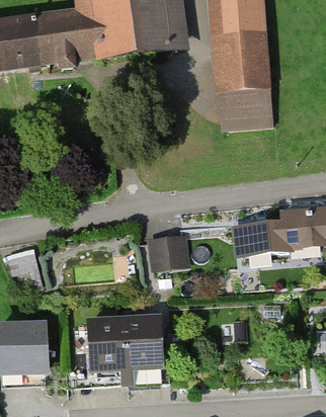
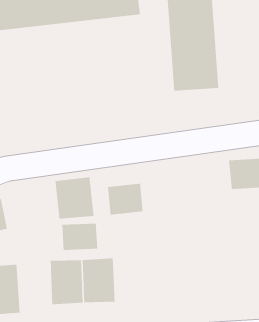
building: [231,220,283,261] -> none
building: none -> [55,177,95,219]
building: none -> [61,223,98,251]

